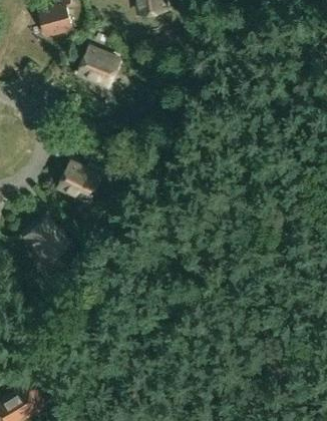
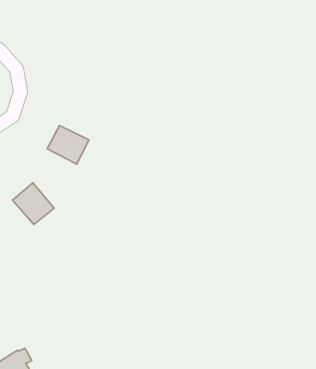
building: [80,48,119,84] -> none

